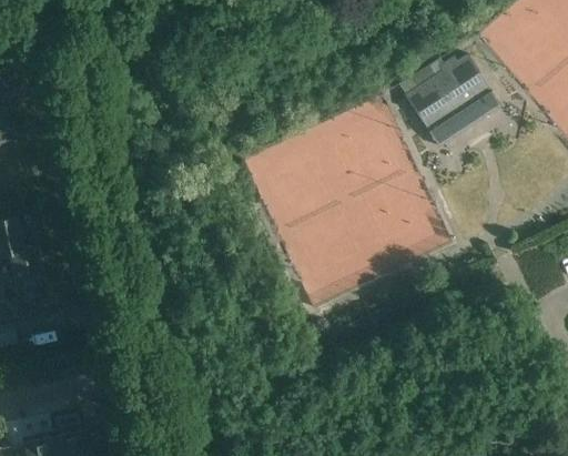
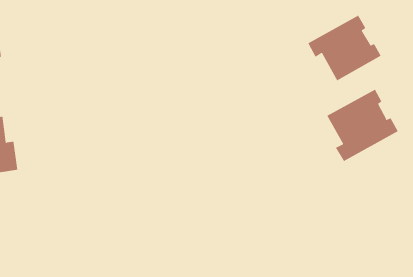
building: none -> [326,89,399,162]

